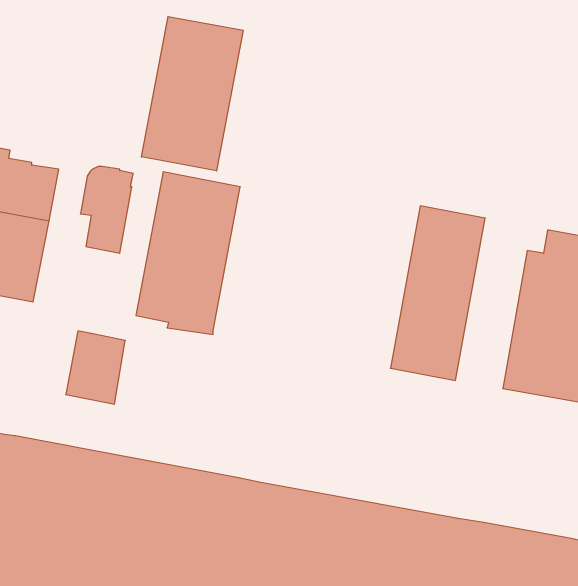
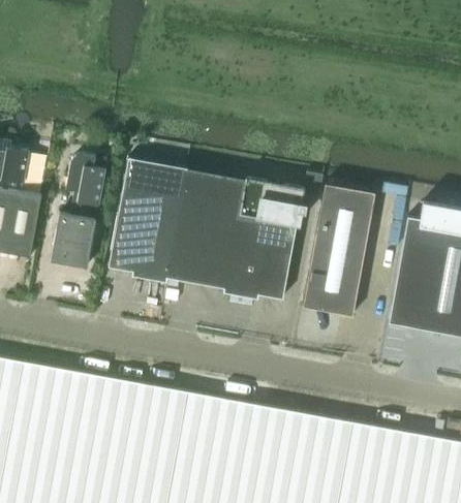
building: [141,16,243,171] -> none
building: none -> [166,169,303,301]
building: [66,331,125,404] -> [50,213,95,269]

